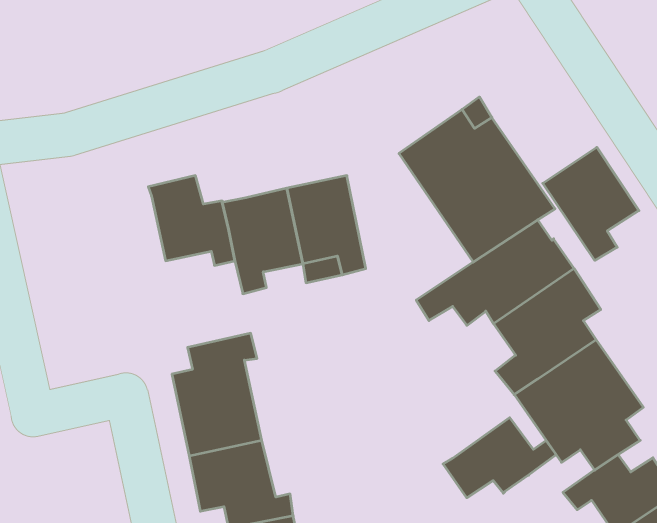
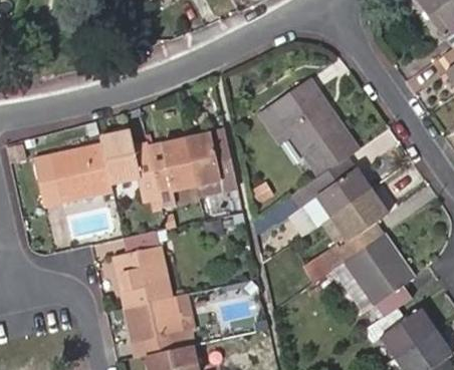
building: [543,147,639,260] -> none
building: none -> [35,141,111,203]
building: [443,418,556,498] -> none

